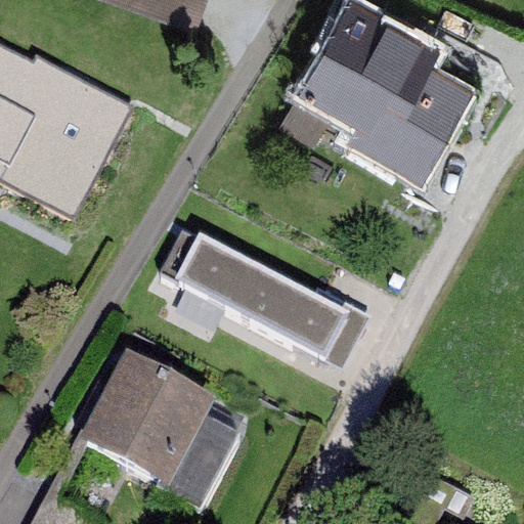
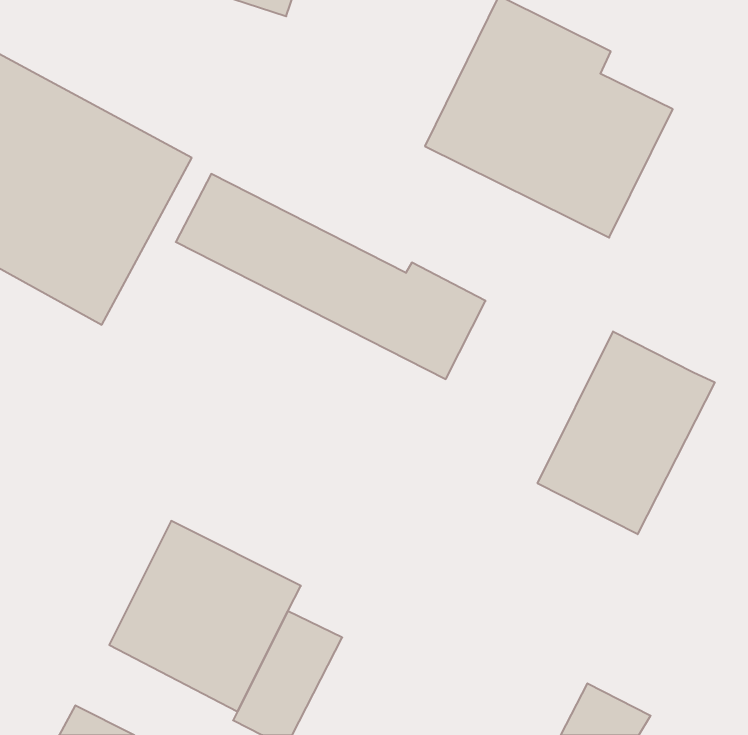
building: [155,220,369,362] -> [176,174,486,379]
building: none -> [538,331,715,534]

